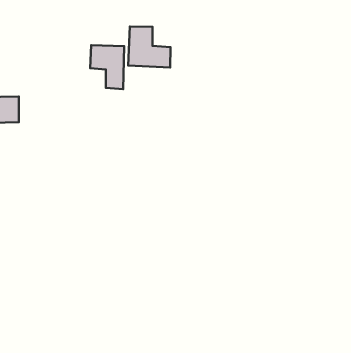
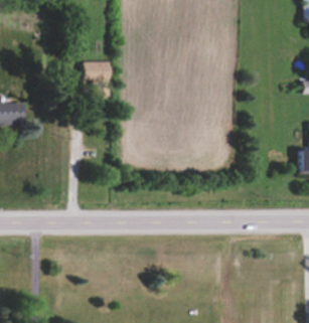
building: [128,26,170,67] -> none

